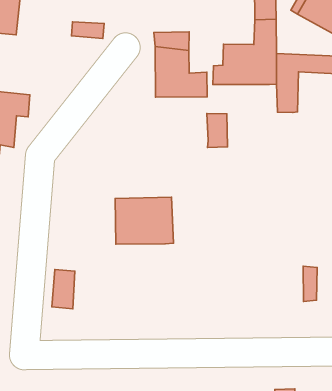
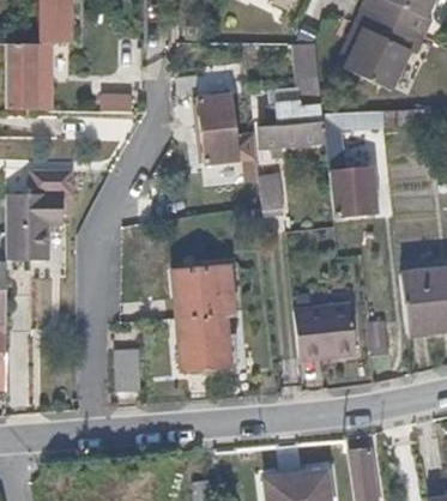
building: none -> [345,165,380,212]
building: none -> [176,313,230,368]
building: none -> [295,303,360,356]

